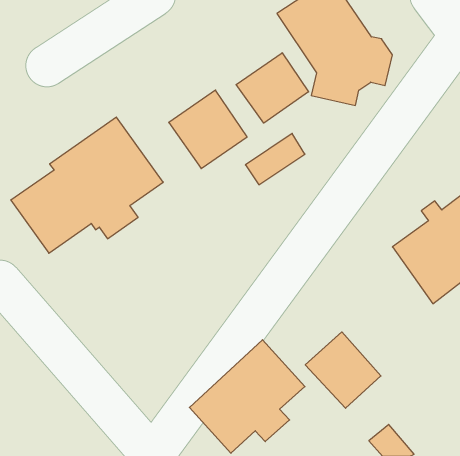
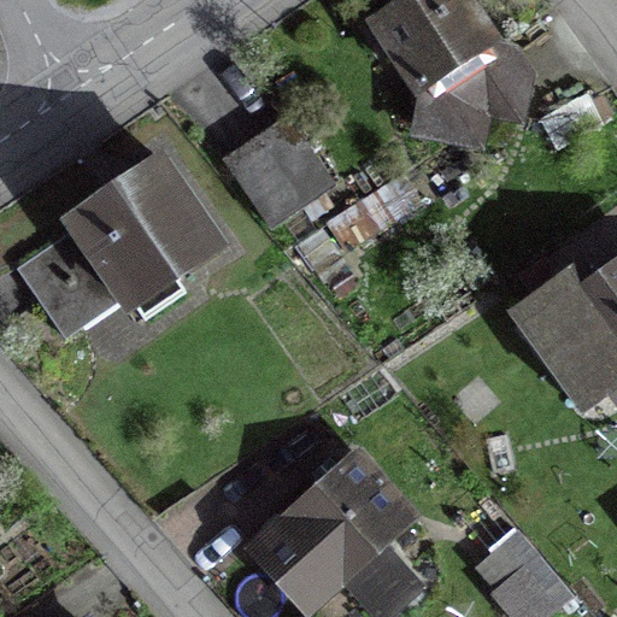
building: [236,53,309,123] -> none
building: [305,332,381,408] -> none

